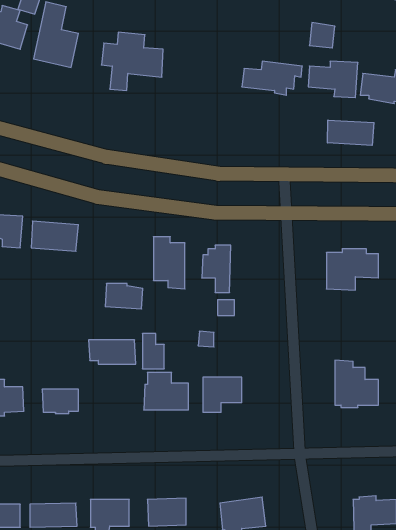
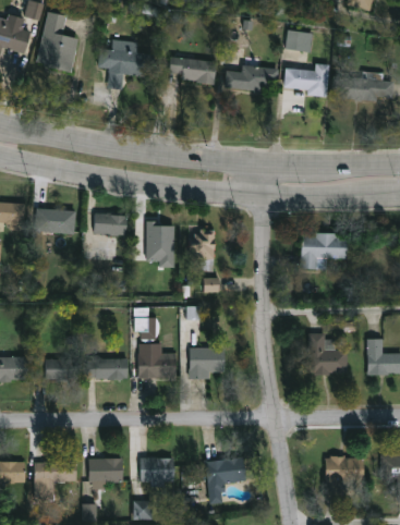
building: none -> [169,56,218,86]
building: [328,120,374,145] -> none
building: [105,284,143,309] -> [94,212,128,235]
building: [89,340,136,364] -> [86,358,129,380]

